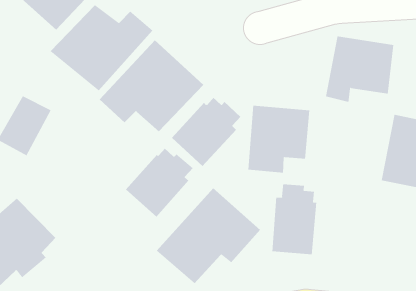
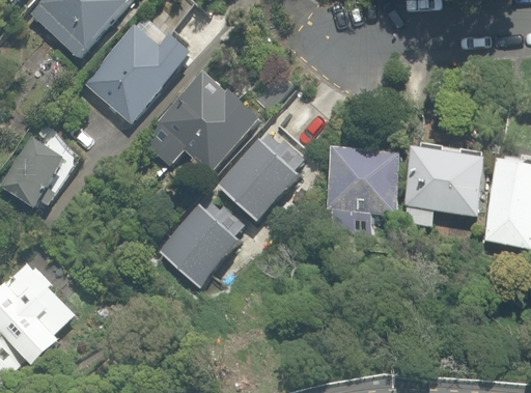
building: [325,36,394,102] -> [399,144,486,228]
building: [272,184,317,255] -> none
building: [156,187,261,284] -> none

